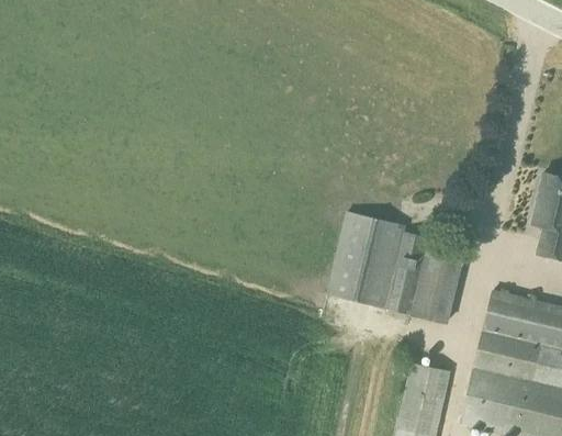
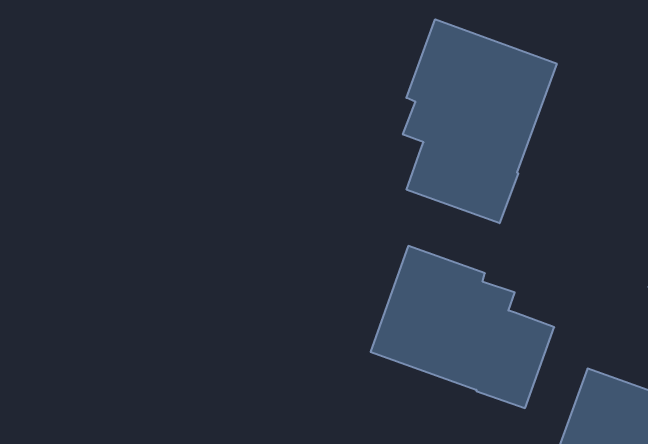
building: none -> [403,19,557,223]

